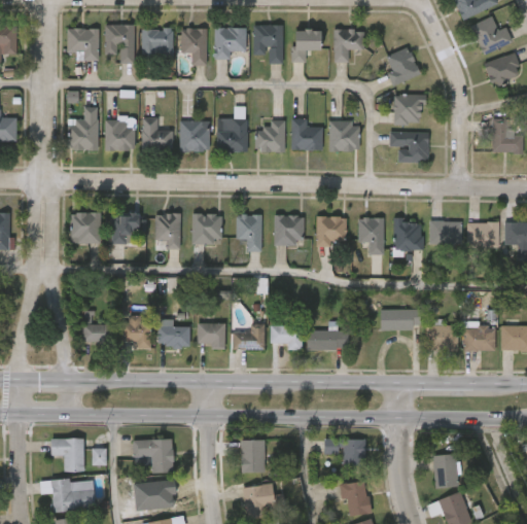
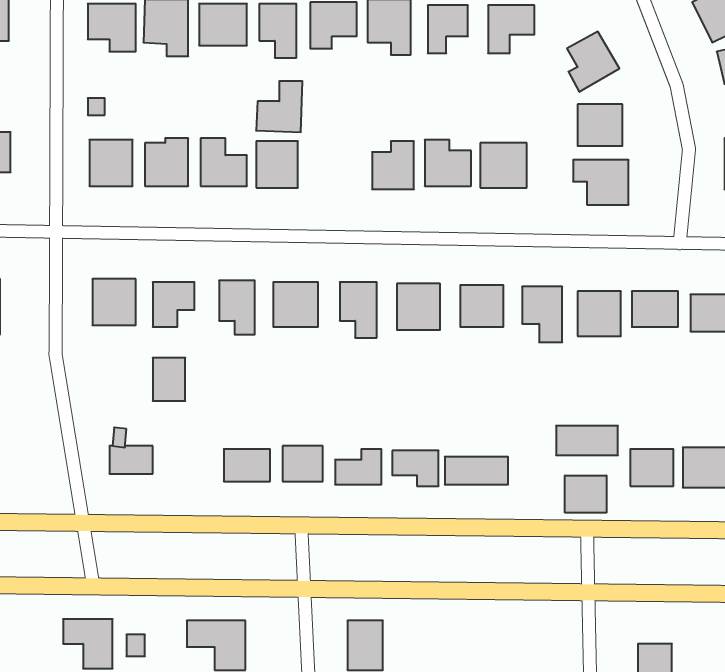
building: [217,118,248,152] -> [256,81,302,132]
building: [128,316,149,345] -> [153,358,185,401]
building: none -> [565,475,606,513]
building: [325,439,365,465] -> none

